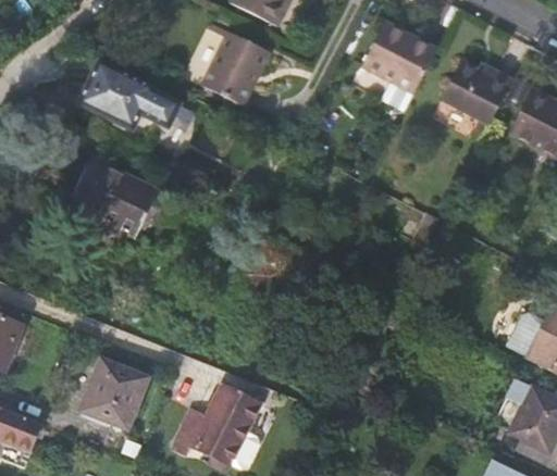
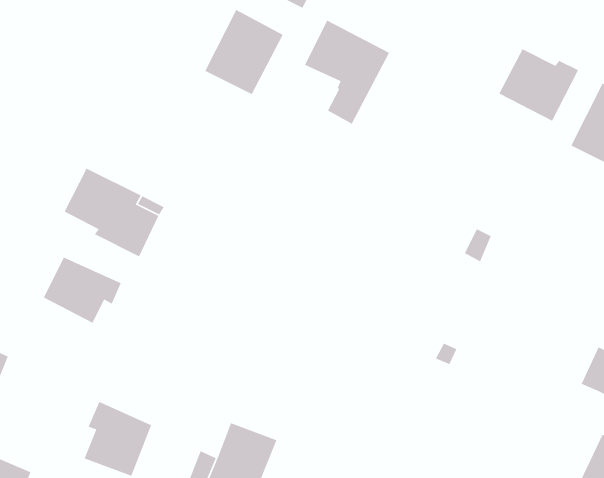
building: [362,24,436,114] -> [304,20,390,125]
building: [81,62,178,127] -> none
building: none -> [43,256,122,324]

